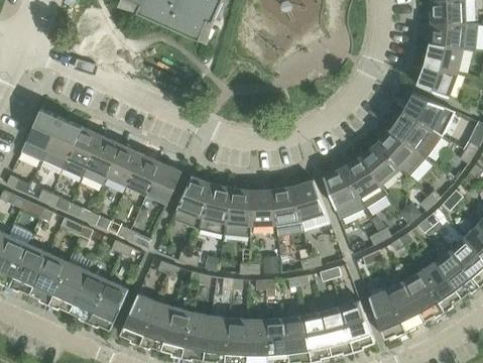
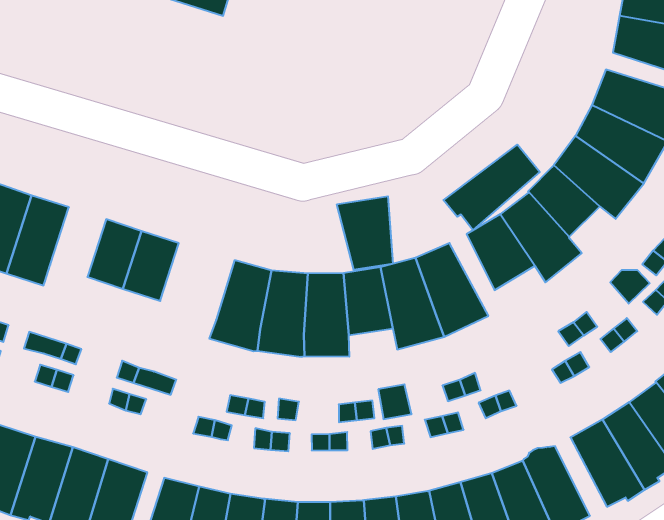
building: none -> [443,145,540,230]
building: [83,135,121,185] -> none
building: none -> [337,196,393,270]
building: [146,162,182,203] -> none

